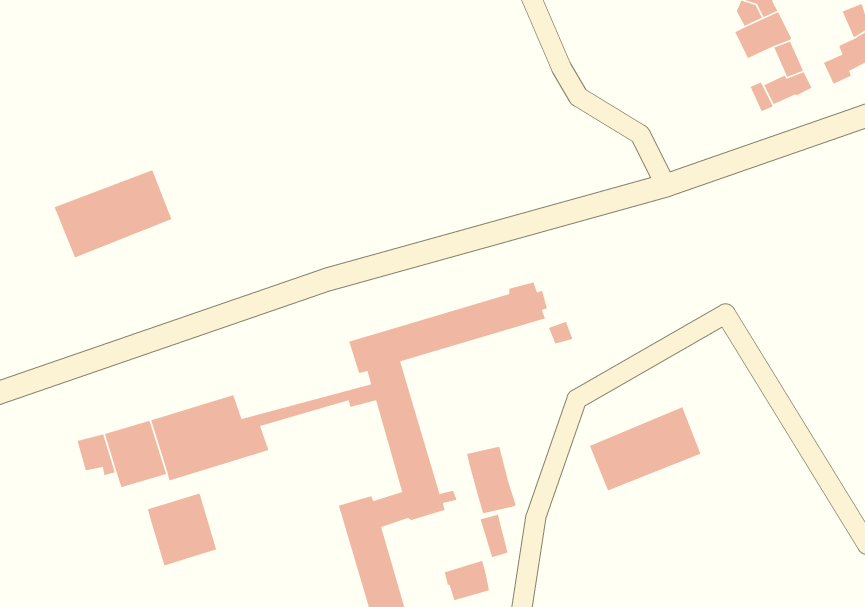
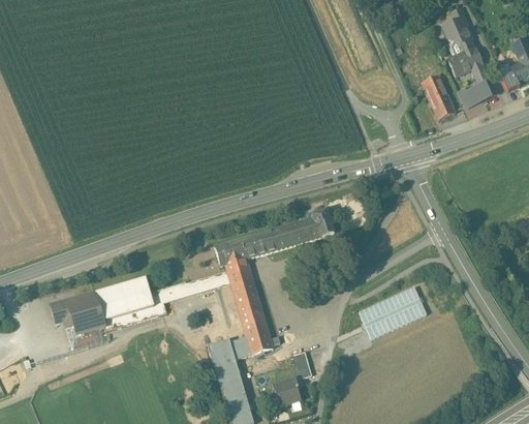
building: none -> [422,73,454,118]
building: [54,169,173,259] -> none
building: [466,446,516,514] -> none
building: [147,492,217,567] -> none

